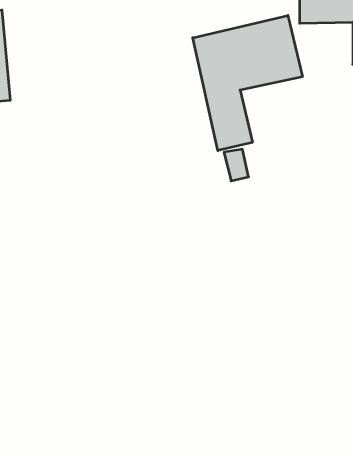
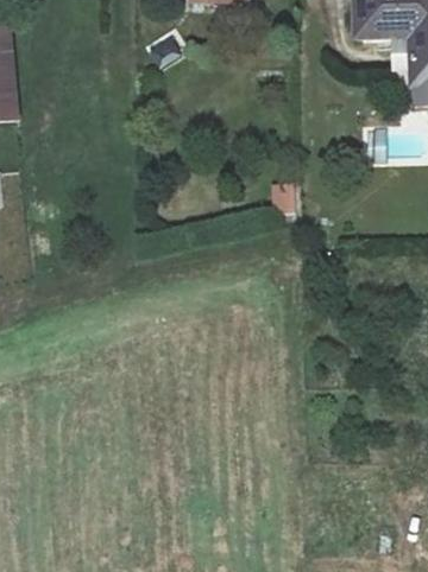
building: [193,15,302,151] -> none

